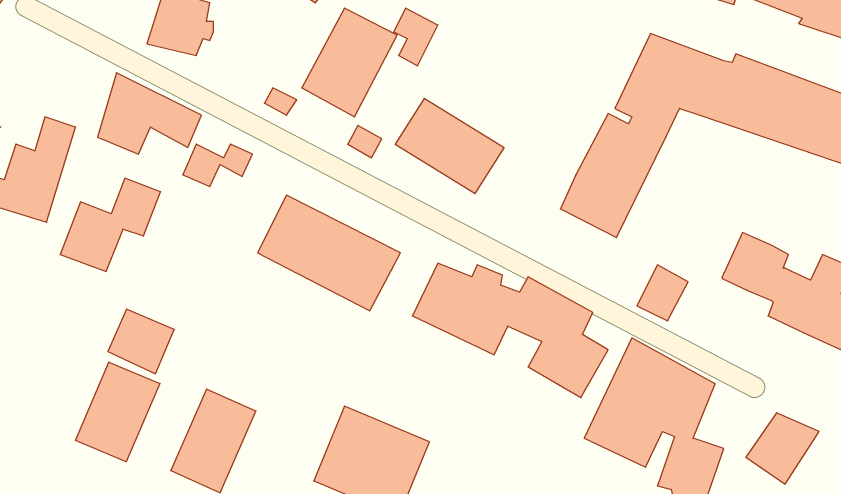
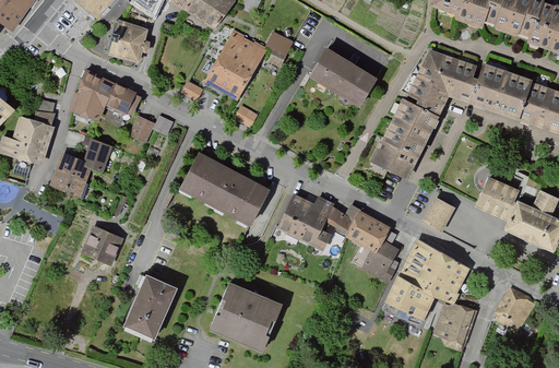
building: [395,98,504,194] -> [307,43,377,104]
building: [75,362,160,462] -> none

